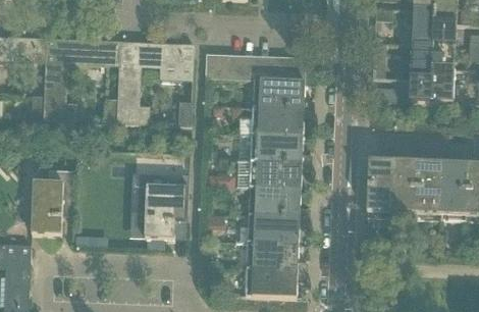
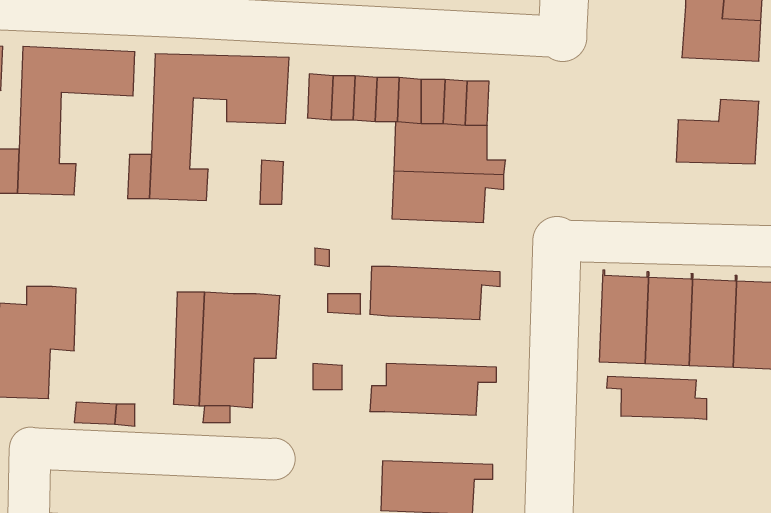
building: [410,44,455,80] -> none
building: [238,134,312,163] -> none
building: [248,188,309,216] -> none
building: none -> [607,376,707,420]
building: [246,241,307,270] -> none

